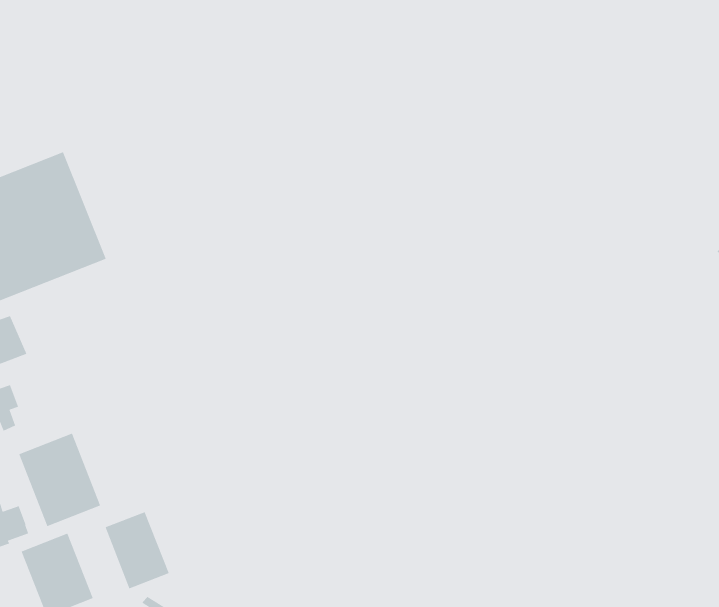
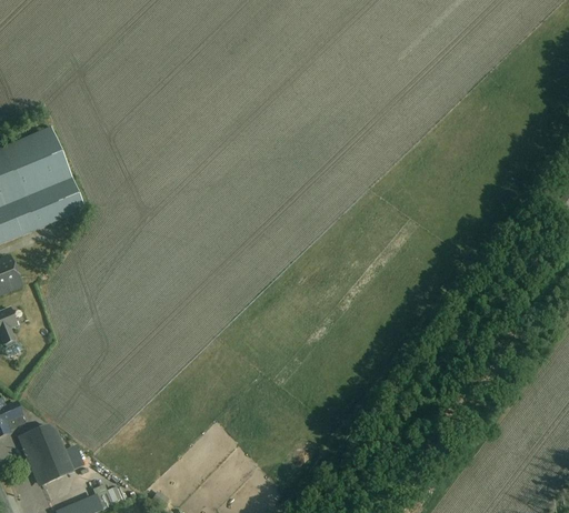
building: [18,433,101,527] -> none
building: [104,511,170,589] -> none

